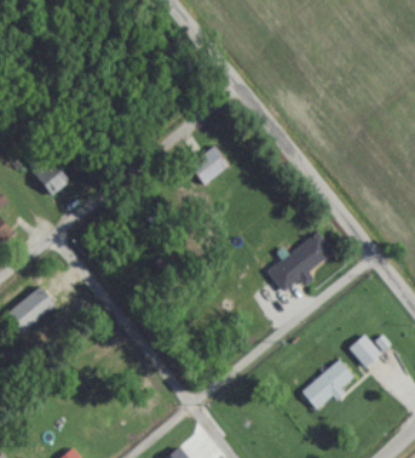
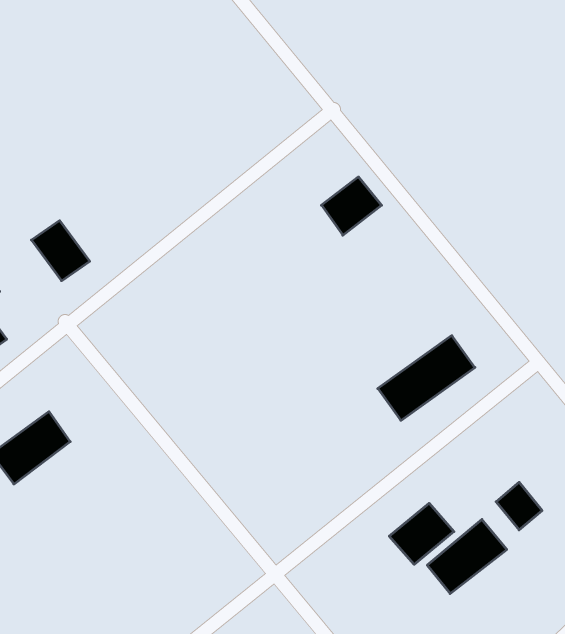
building: [189,145,230,185] -> [321,177,382,235]
building: none -> [389,503,454,564]

